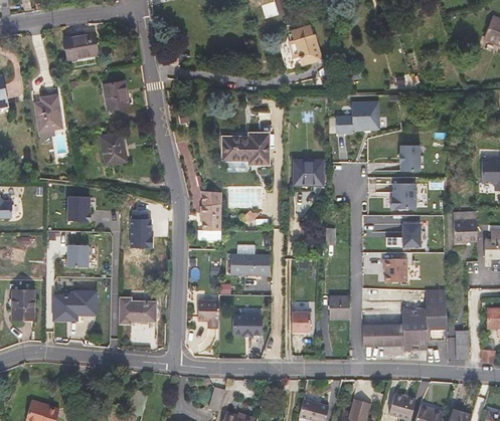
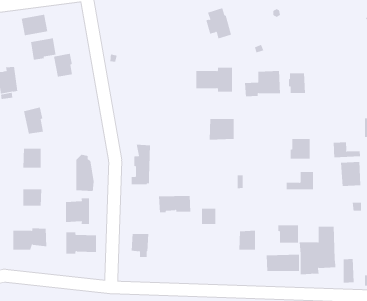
building: none -> [30,38,56,61]
building: [99,132,124,165] -> [23,107,44,134]
building: [222,134,268,164] -> [195,67,233,92]
building: [398,146,420,171] -> [288,73,306,94]
building: none -> [333,142,360,158]
building: none -> [65,198,90,225]
building: [382,259,408,281] -> [277,225,299,243]
building: [292,311,310,332] -> [201,208,216,225]
building: [232,315,262,337] -> none

